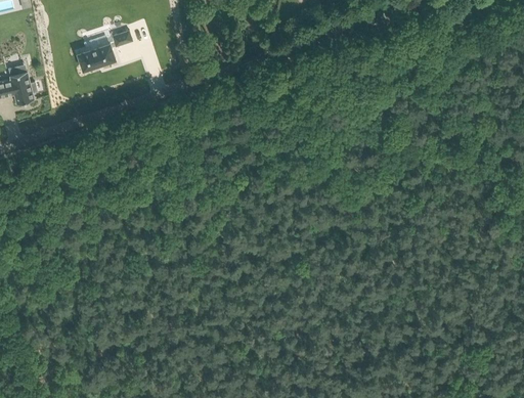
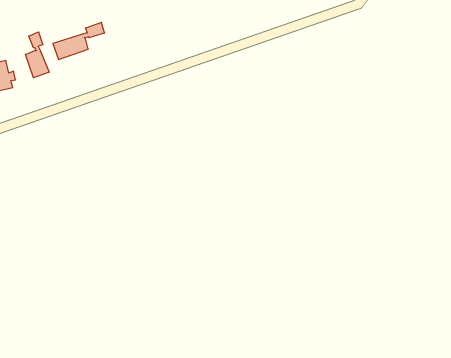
building: none -> [25,32,49,78]

